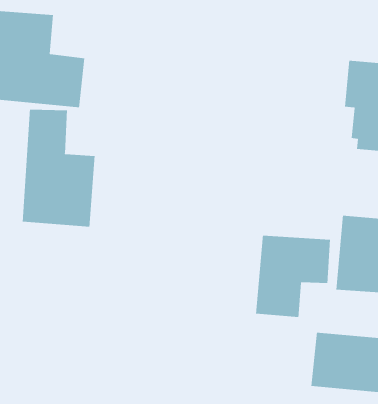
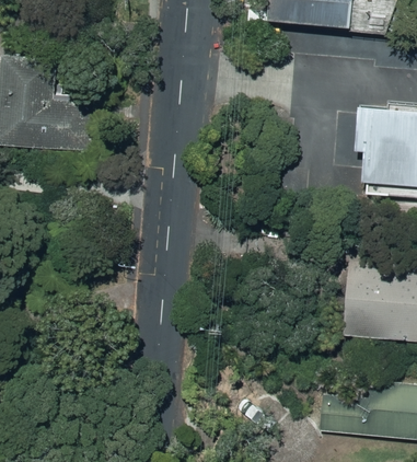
building: [22,109,95,228] -> none
building: [256,235,331,318] -> none

